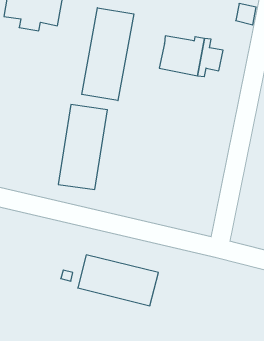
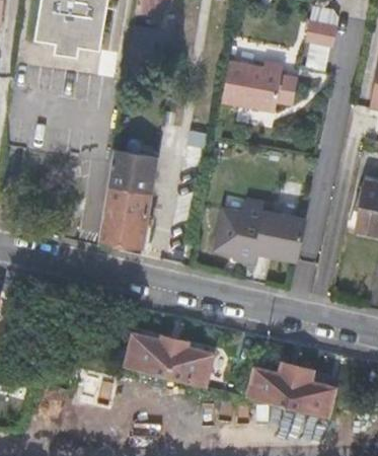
building: [82,8,134,101] -> none
building: none -> [213,202,302,263]
building: none -> [245,361,338,413]

